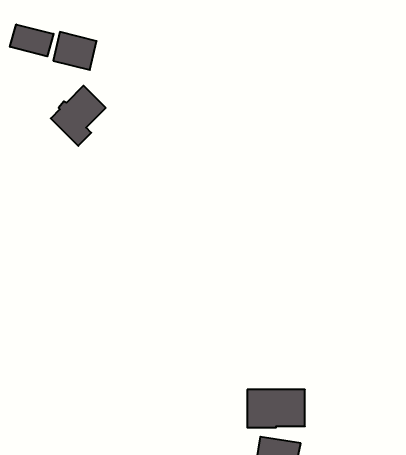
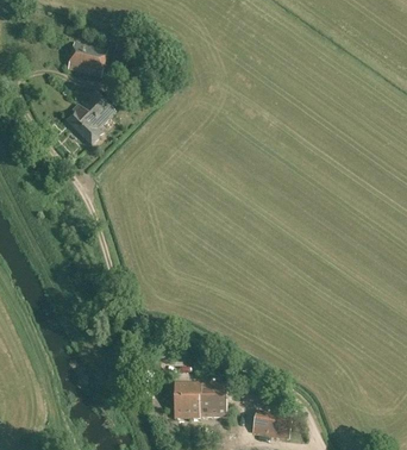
building: [10,24,54,56] -> none
building: [247,390,305,428] -> [173,383,225,418]

